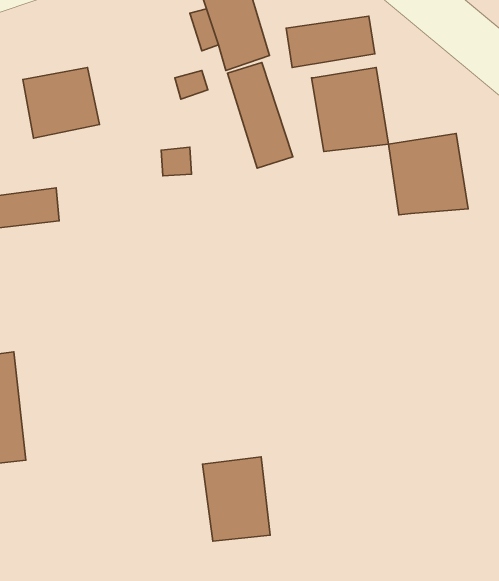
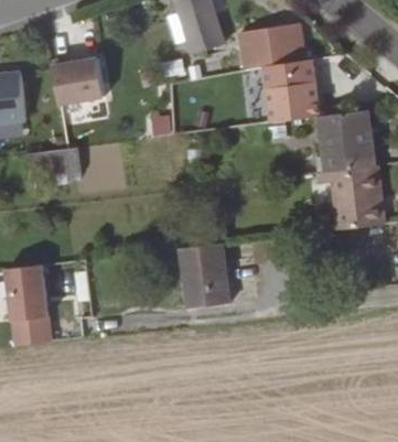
building: [228,63,293,168] -> none
building: none -> [332,163,385,224]
building: [202,457,270,541] -> [191,237,240,299]

